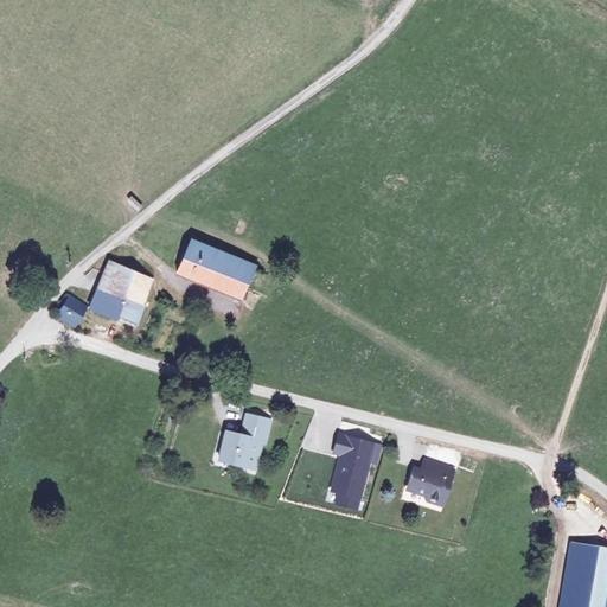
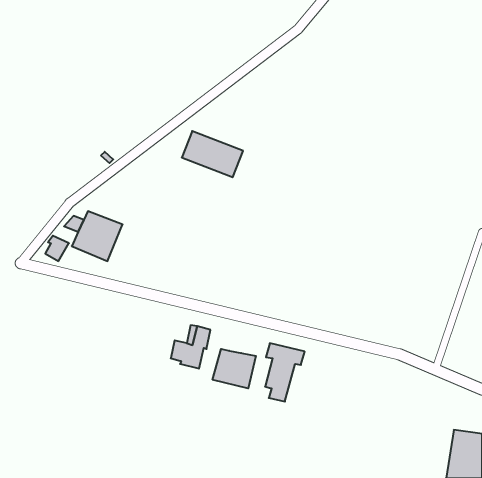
building: [178,242,255,300] -> [182,131,243,177]
building: none -> [213,349,256,388]
building: [408,459,459,503] -> none

